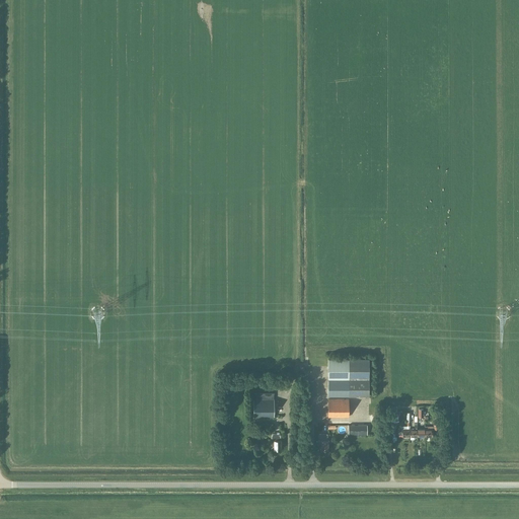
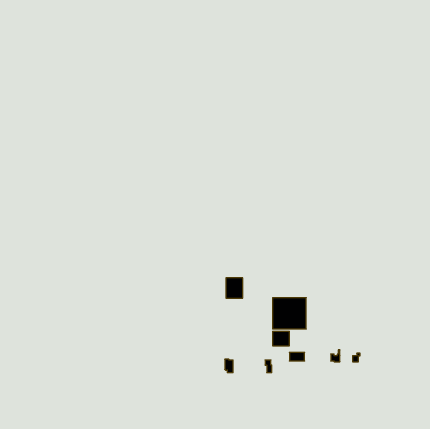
building: [253,393,274,418] -> [226,278,243,298]

